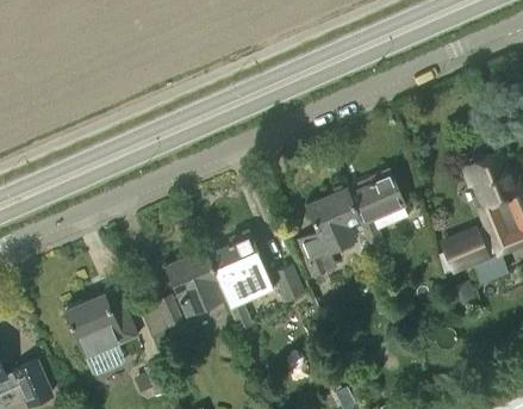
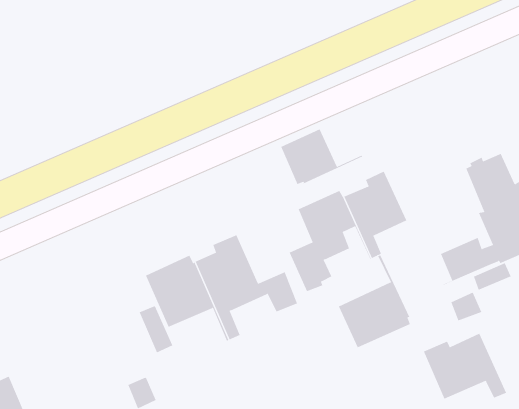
building: none -> [280,129,363,185]
building: none -> [338,254,410,348]
building: [63,286,139,374] -> none
building: none -> [423,333,507,400]

